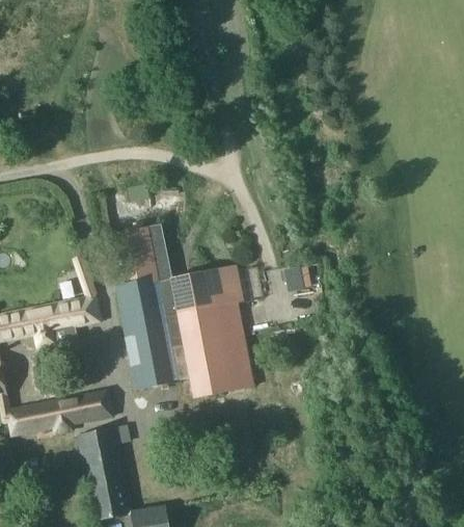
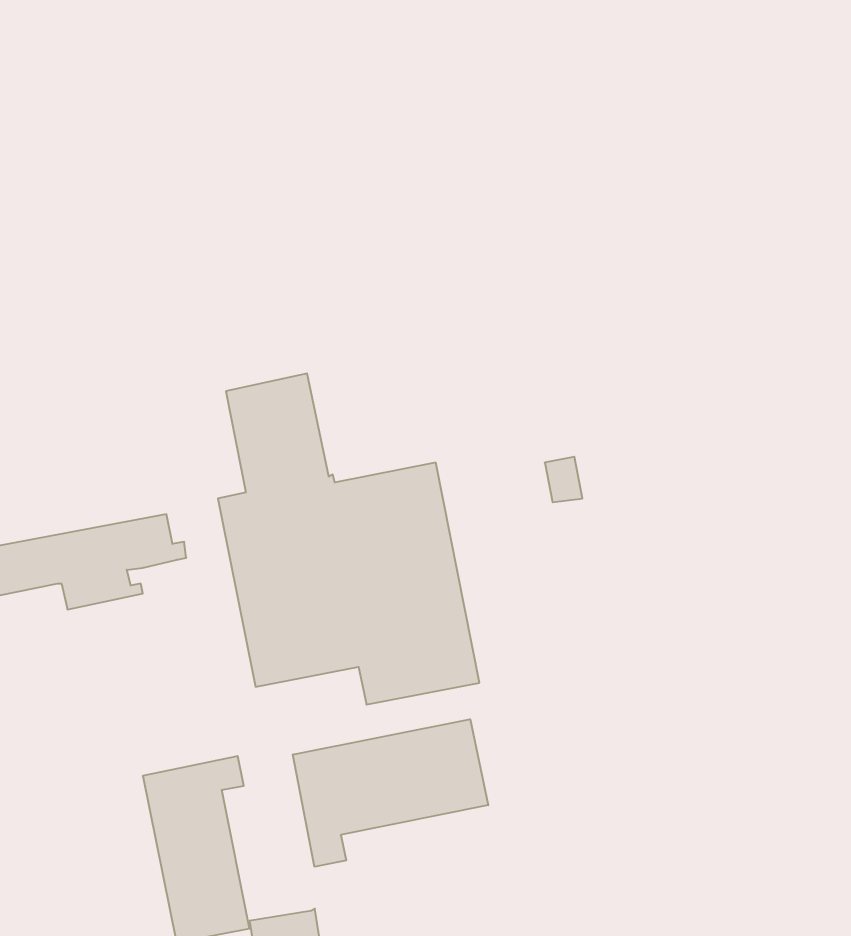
building: [6,390,111,434] -> none
building: none -> [293,719,488,867]

